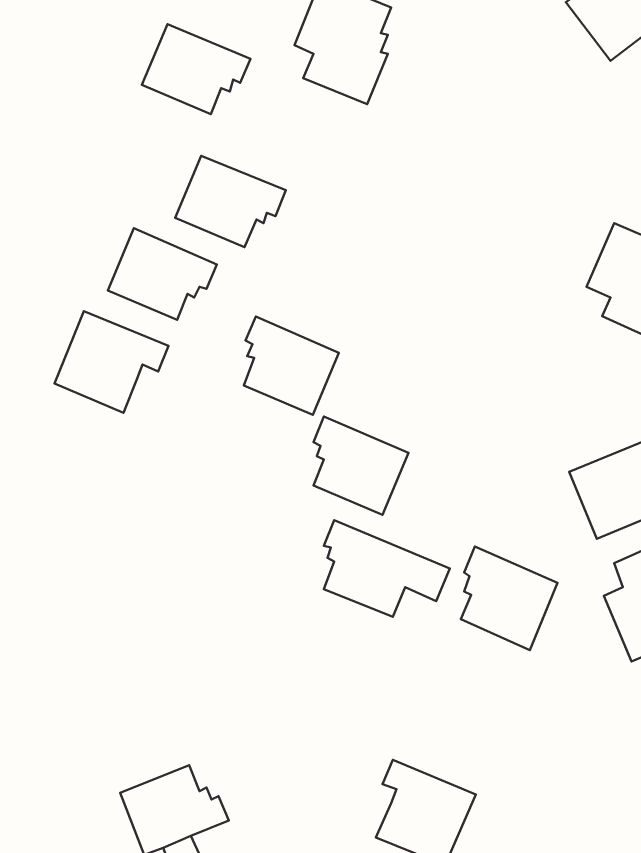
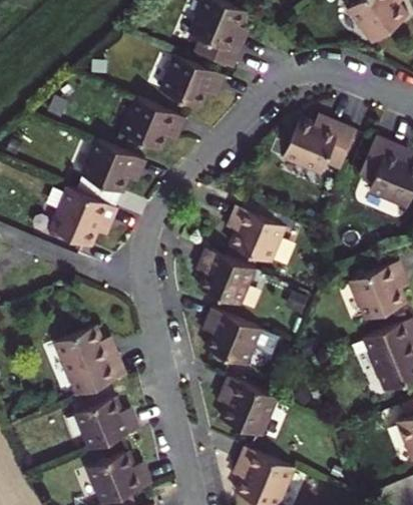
building: [142,24,251,114] -> [160,56,224,108]
building: none -> [283,117,355,174]
building: [244,316,339,415] -> [230,206,285,264]
building: [461,547,558,650] -> [222,378,278,438]
building: none -> [55,327,125,396]
building: none -> [75,397,138,450]

